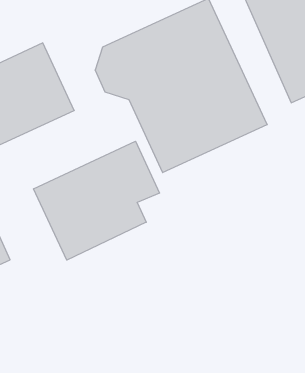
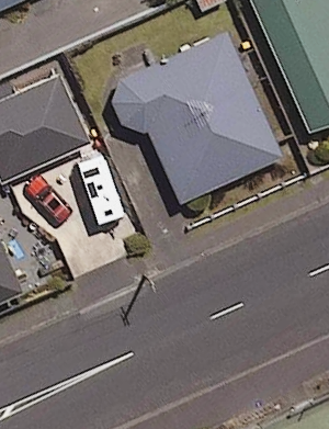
building: [34,141,160,260] -> none

